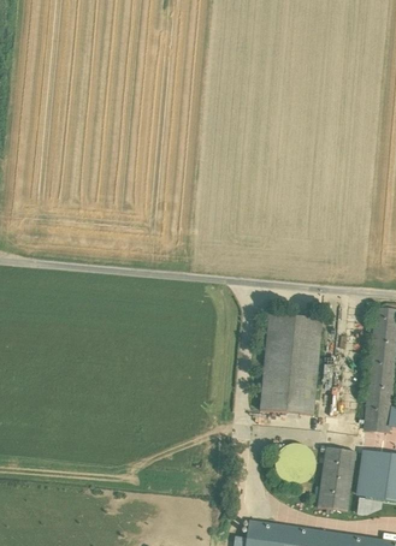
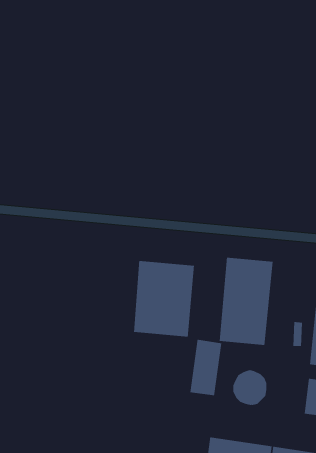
building: none -> [134,260,195,337]
building: [317,446,354,511] -> [190,339,222,396]

